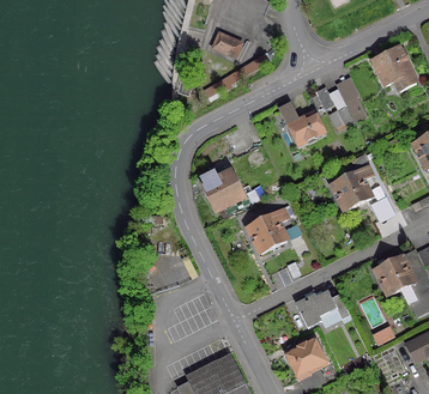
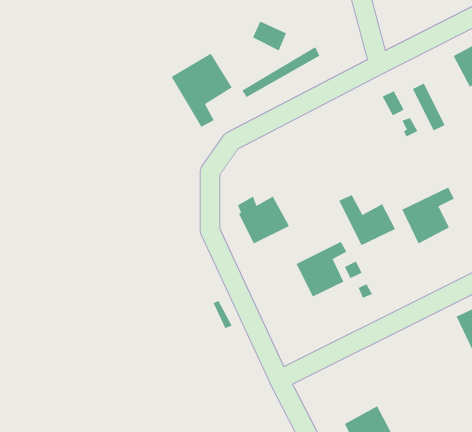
building: none -> [171,53,232,128]
building: [278,103,324,144] -> [339,195,396,246]
building: [295,289,348,327] -> none

